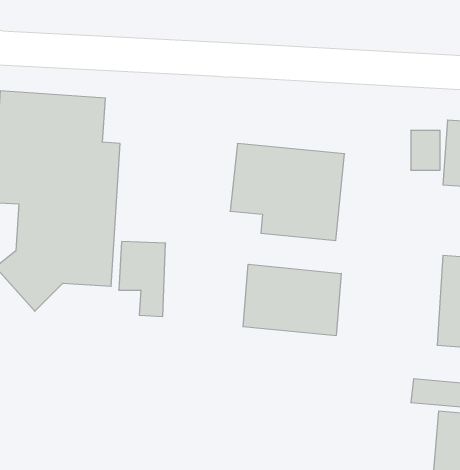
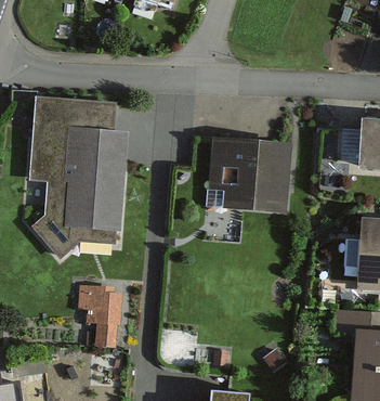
building: [119,242,166,317] -> [82,287,117,342]
building: [243,264,341,336] -> none

